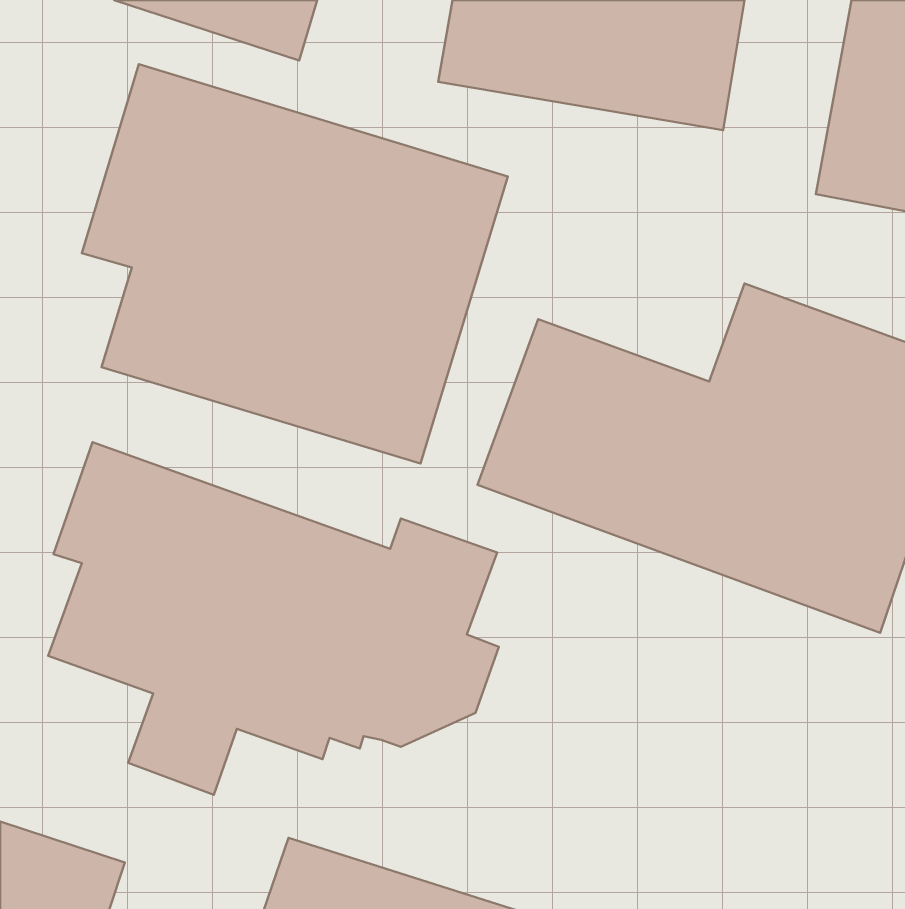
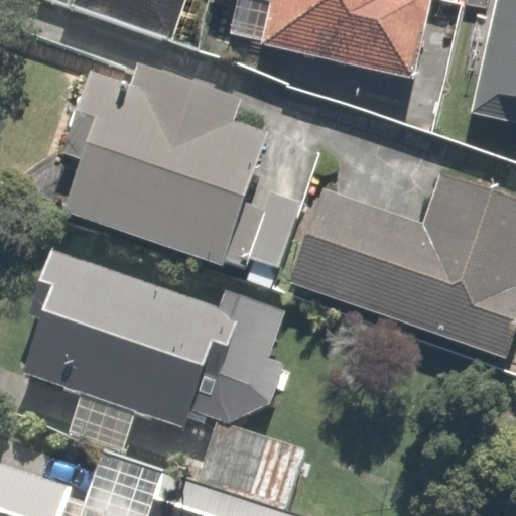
building: none -> [199,419,310,510]

